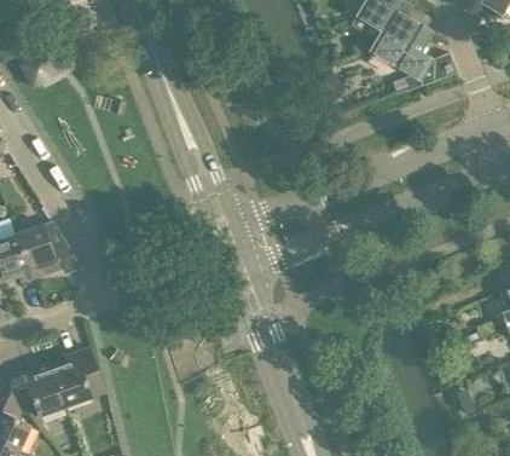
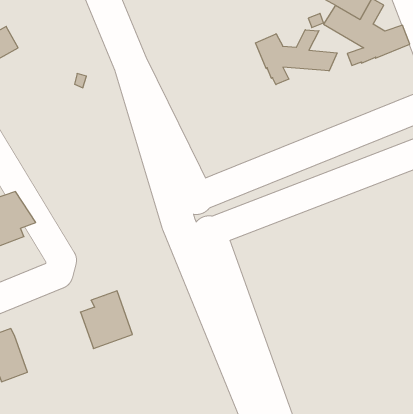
building: none -> [256,30,337,85]
building: [52,347,105,406] -> [80,291,132,349]

